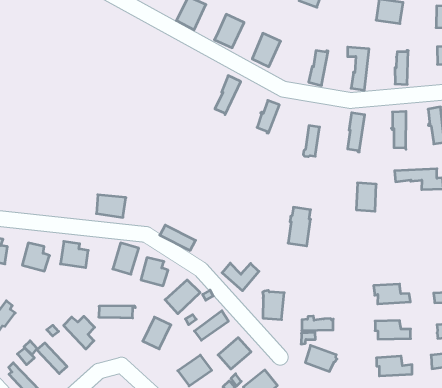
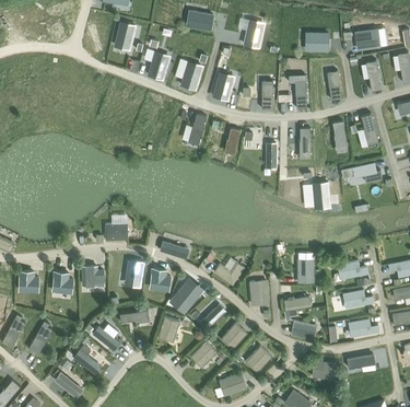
building: [288,207,311,246] -> [297,253,314,282]

